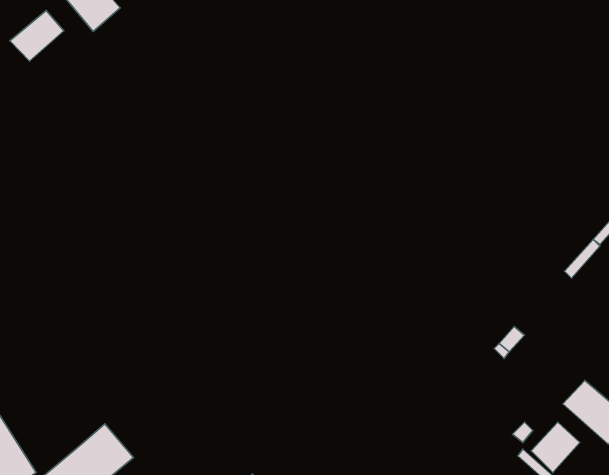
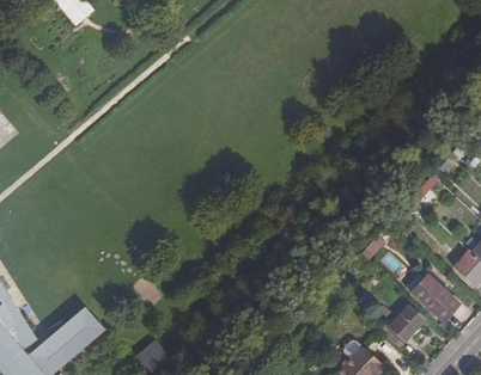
building: [10,10,64,61] -> none

